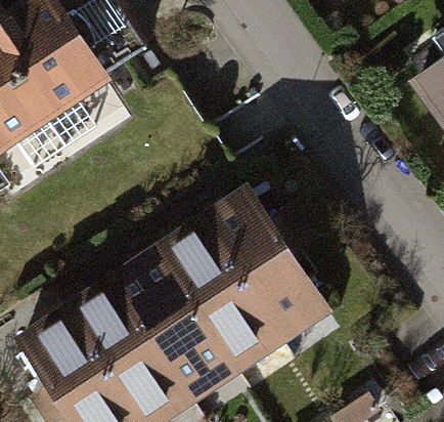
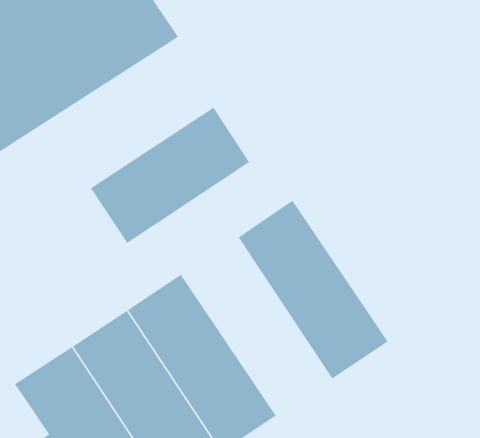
building: none -> [90,107,250,244]
building: [161,226,283,372] -> none

